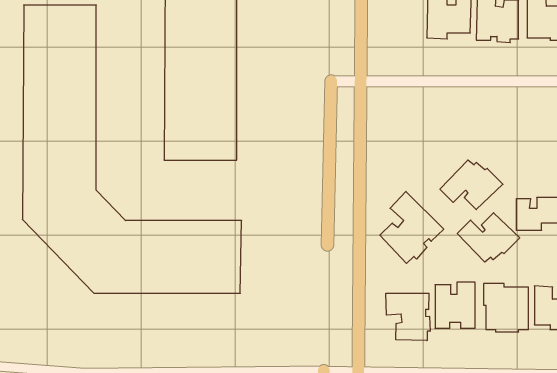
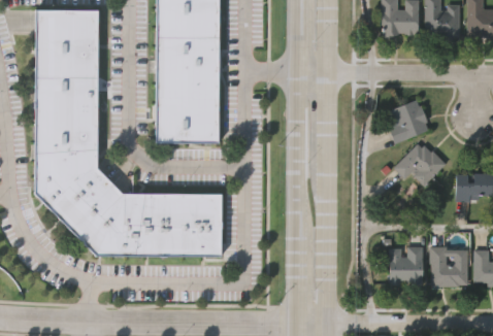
building: none -> [389,99,429,142]
building: [380,191,444,263] -> none
building: [457,213,520,262] -> none
building: [386,293,430,341] -> none

